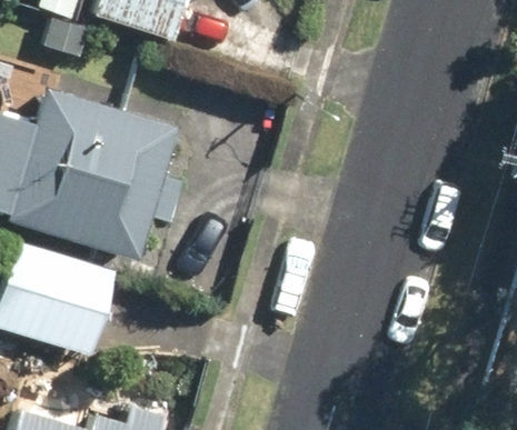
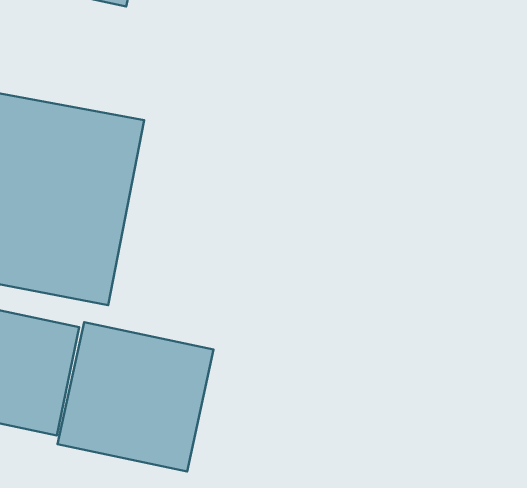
building: none -> [58,322,213,472]

